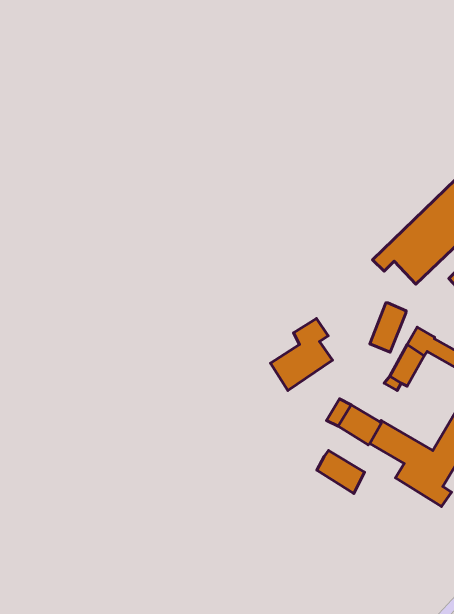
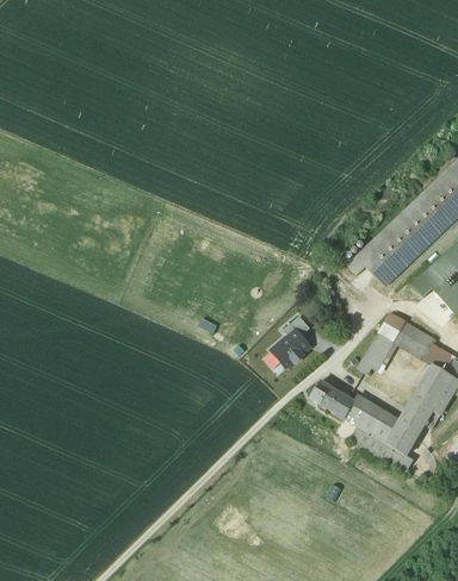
building: [370,303,406,352] -> none
building: [317,451,365,494] -> none

